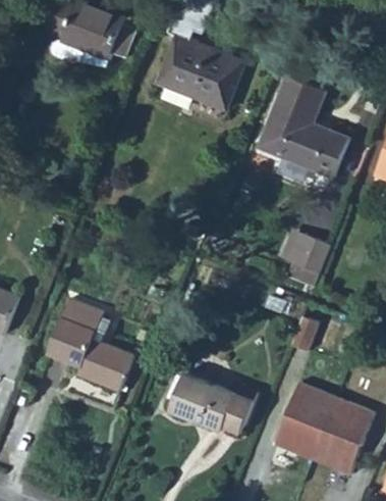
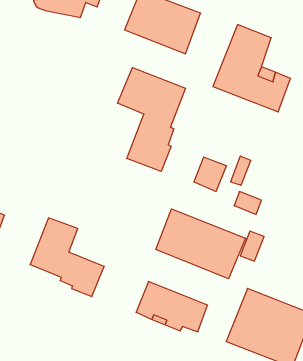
building: none -> [118,68,185,171]
building: [291,234,329,273] -> [194,157,227,192]
building: none -> [156,209,246,279]

